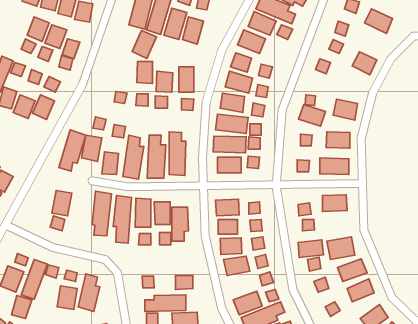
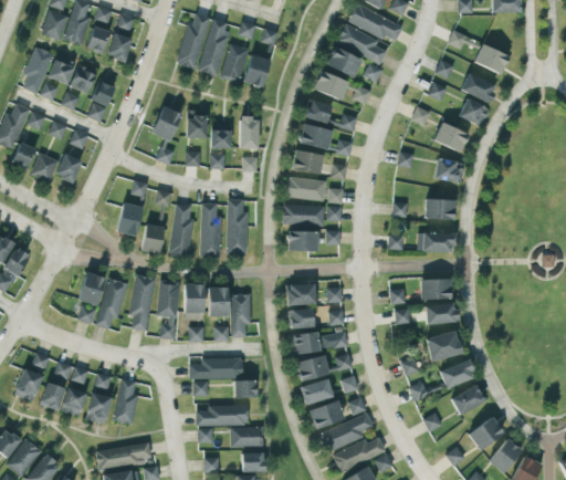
building: none -> [22,46,54,94]
building: [132,31,157,59] -> [150,106,181,142]
building: none -> [461,73,496,103]
building: [298,104,326,126] -> [433,124,468,152]
building: [59,130,86,171] -> [94,278,128,330]
building: [298,240,324,257] -> [424,303,457,325]
building: none -> [189,358,242,379]
building: none -> [300,379,333,405]
building: [12,296,32,318] -> [61,387,86,416]

